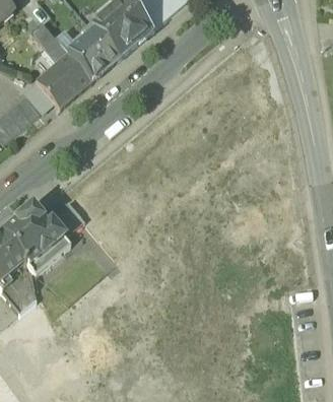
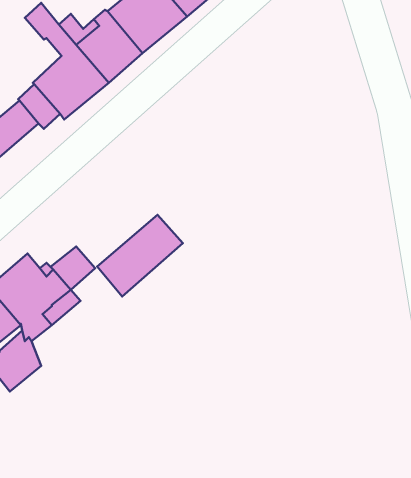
building: none -> [97,215,183,296]

